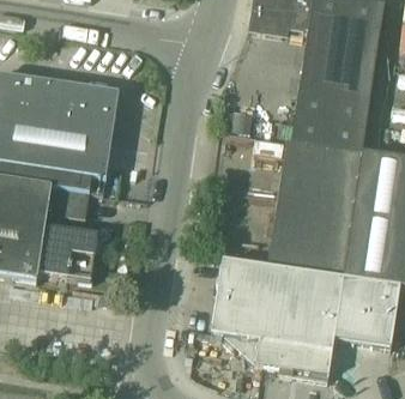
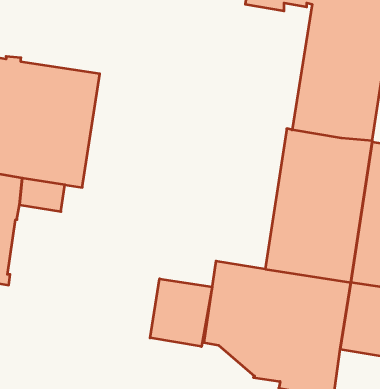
building: [35,219,98,277] -> none
building: none -> [150,279,212,347]

